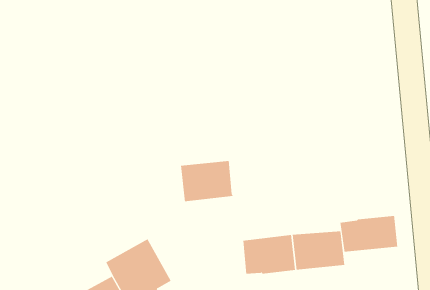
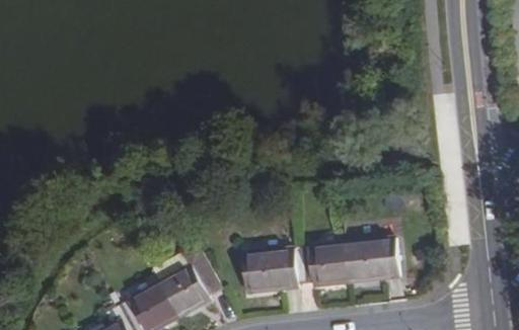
building: [180,161,233,202] -> [245,248,300,291]
building: [340,215,398,252] -> none

